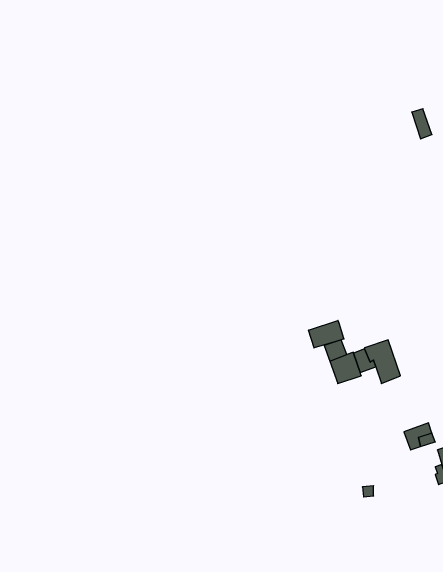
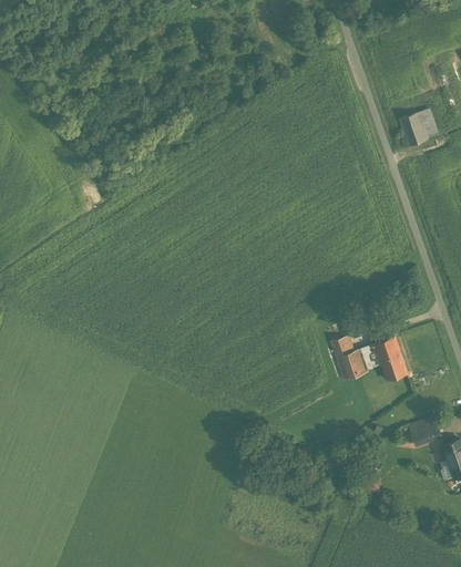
building: none -> [400,112,427,146]
building: [309,320,344,348] -> none

